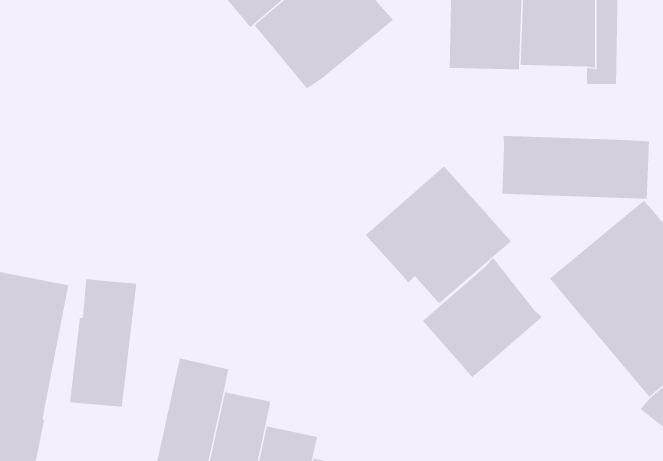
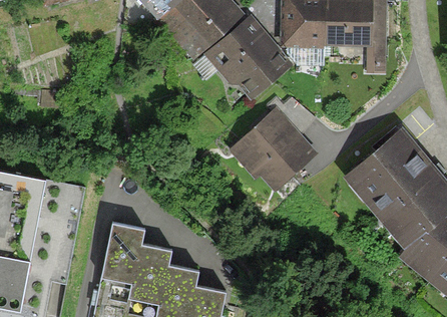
building: none -> [202,13,294,102]
building: [502,135,650,199] -> none
building: [422,257,543,378] -> none

